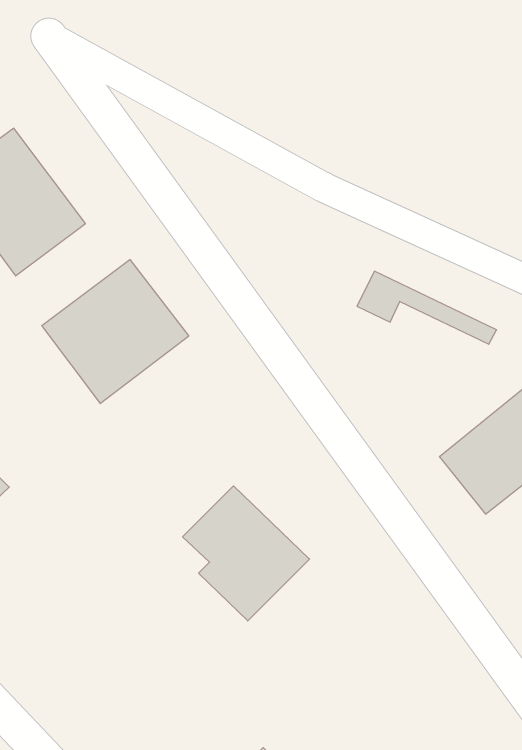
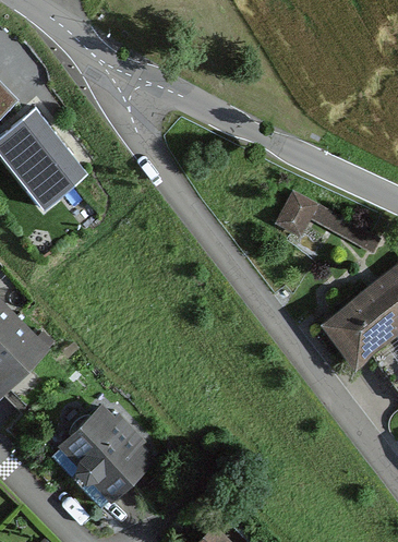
building: [42,260,189,404] -> none
building: [183,486,310,621] -> [65,415,153,508]

